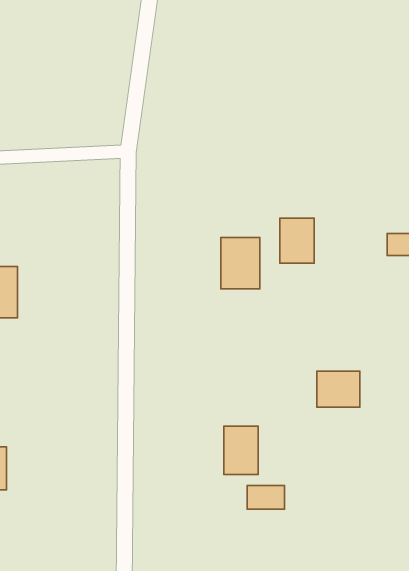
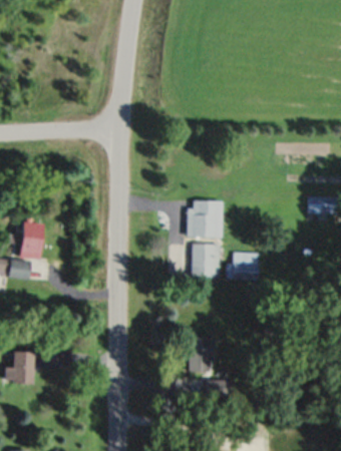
building: [280,218,314,263] -> none
building: none -> [193,244,221,278]
building: [317,371,360,407] -> [229,253,260,279]

